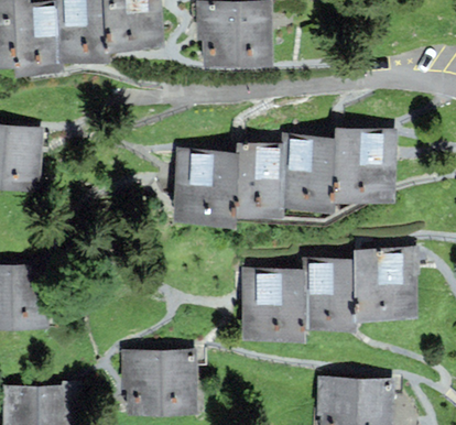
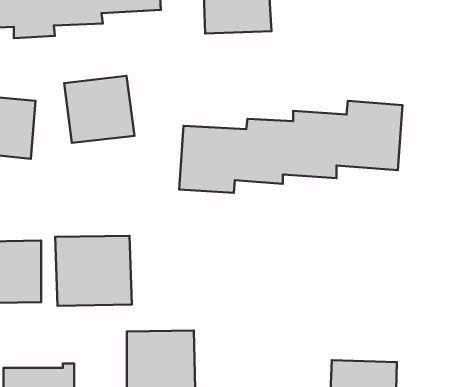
building: none -> [64,76,134,143]
building: [247,250,412,335] -> none
building: none -> [55,236,132,306]

